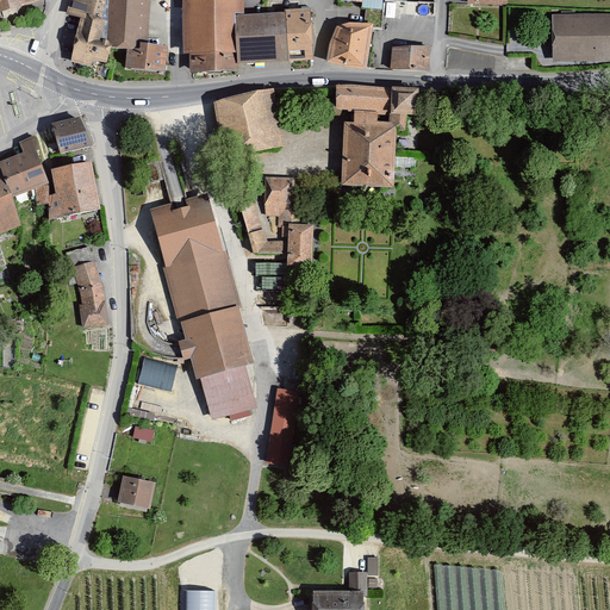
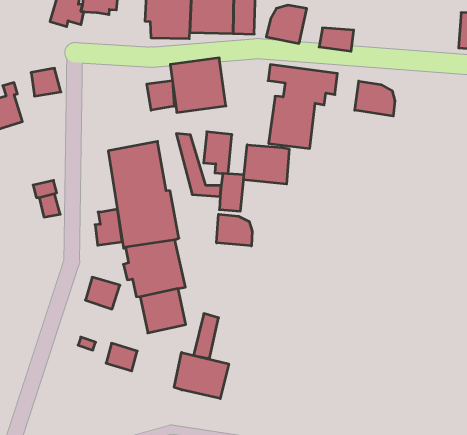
building: [125,42,167,73] -> none
building: none -> [355,81,395,116]
building: none -> [147,81,174,110]
building: [51,161,100,214] -> none
building: none -> [244,145,289,184]
building: none -> [217,214,252,246]
building: [74,287,107,331] -> [95,209,122,245]
building: none -> [174,352,229,399]
building: [118,475,154,506] -> [106,343,137,371]

